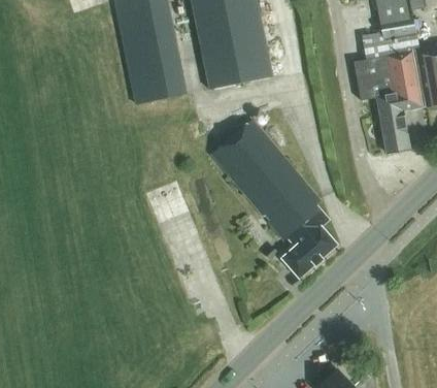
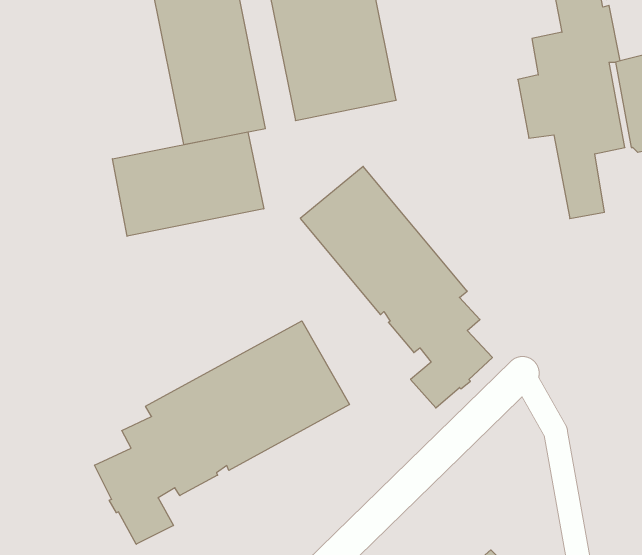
building: none -> [112,132,264,236]
building: none -> [95,321,349,544]

